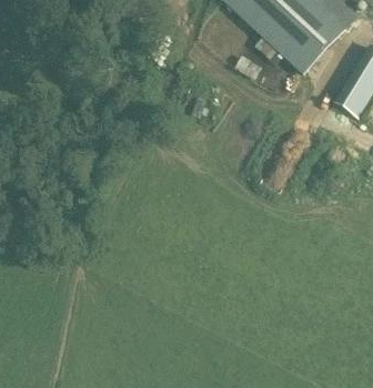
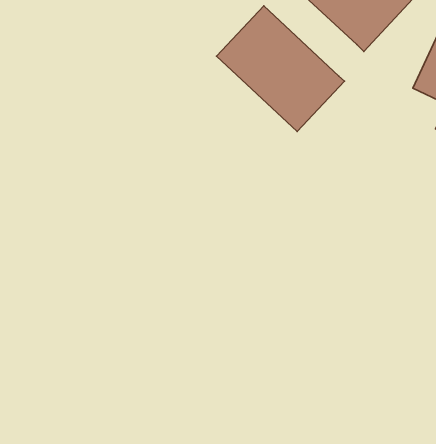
building: none -> [217,6,345,132]

